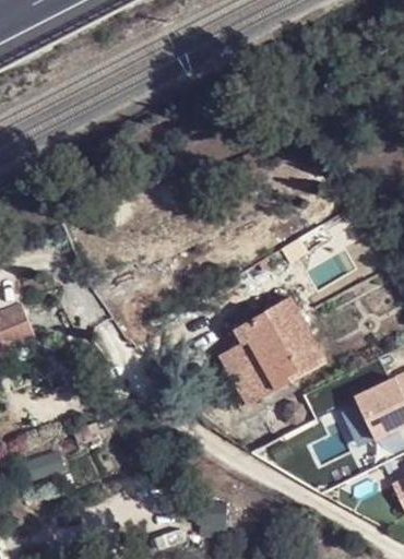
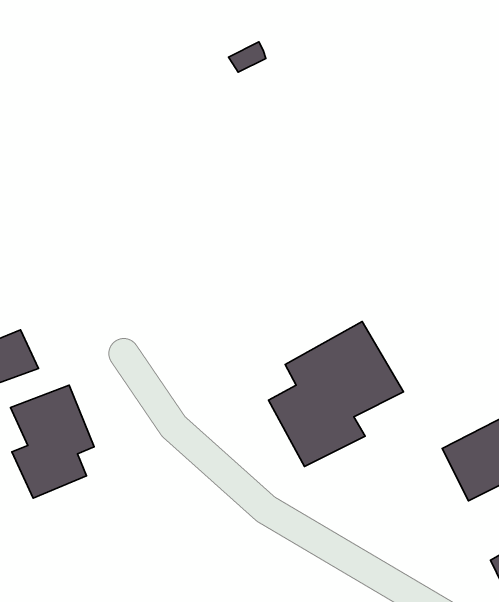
building: none -> [10,385,94,498]

